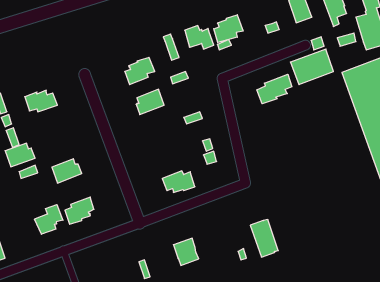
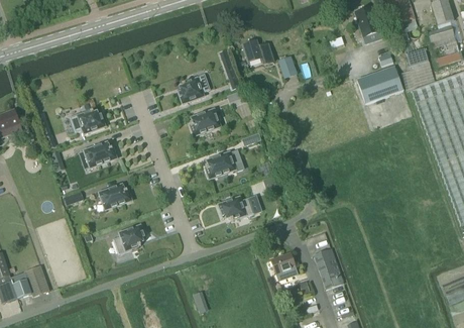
building: [214,15,243,43] -> none
building: [257,74,292,104] -> none
building: none -> [206,149,244,178]
building: [5,143,35,167] -> [84,141,116,167]
building: [35,205,63,234] -> none
building: [173,238,199,265] -> [270,251,298,281]

